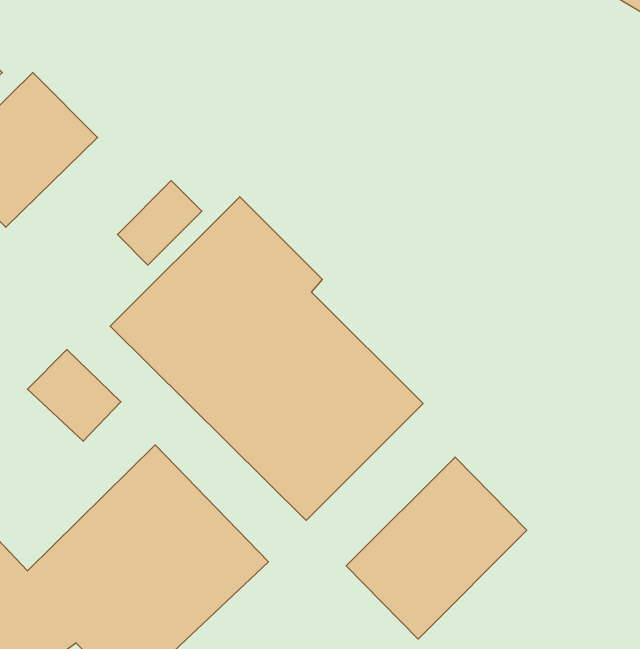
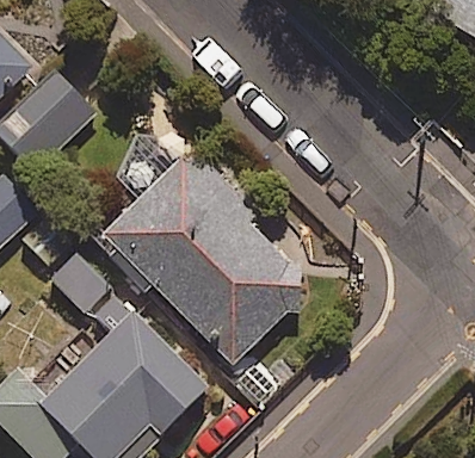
building: [346,457,527,639] -> none

